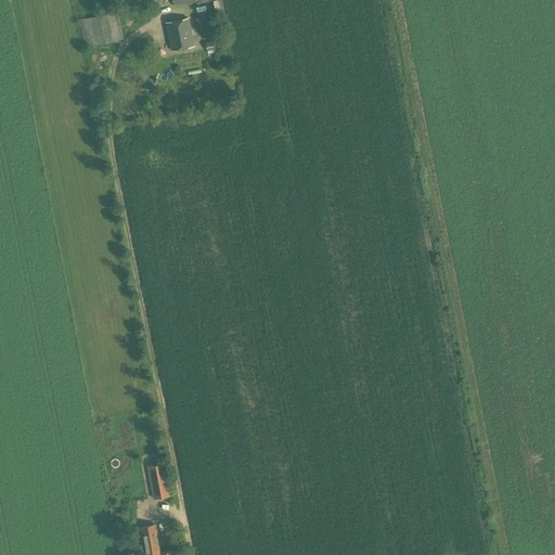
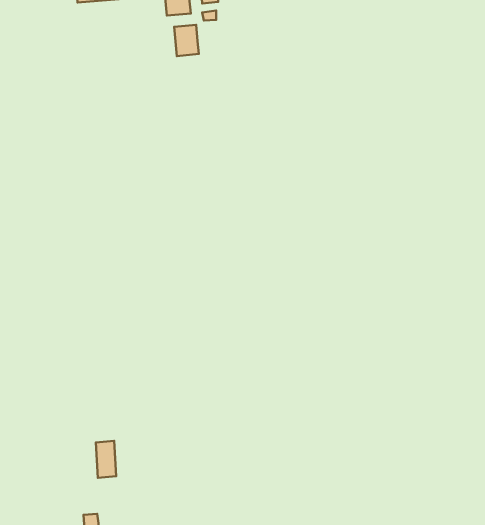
building: none -> [174,25,199,56]

